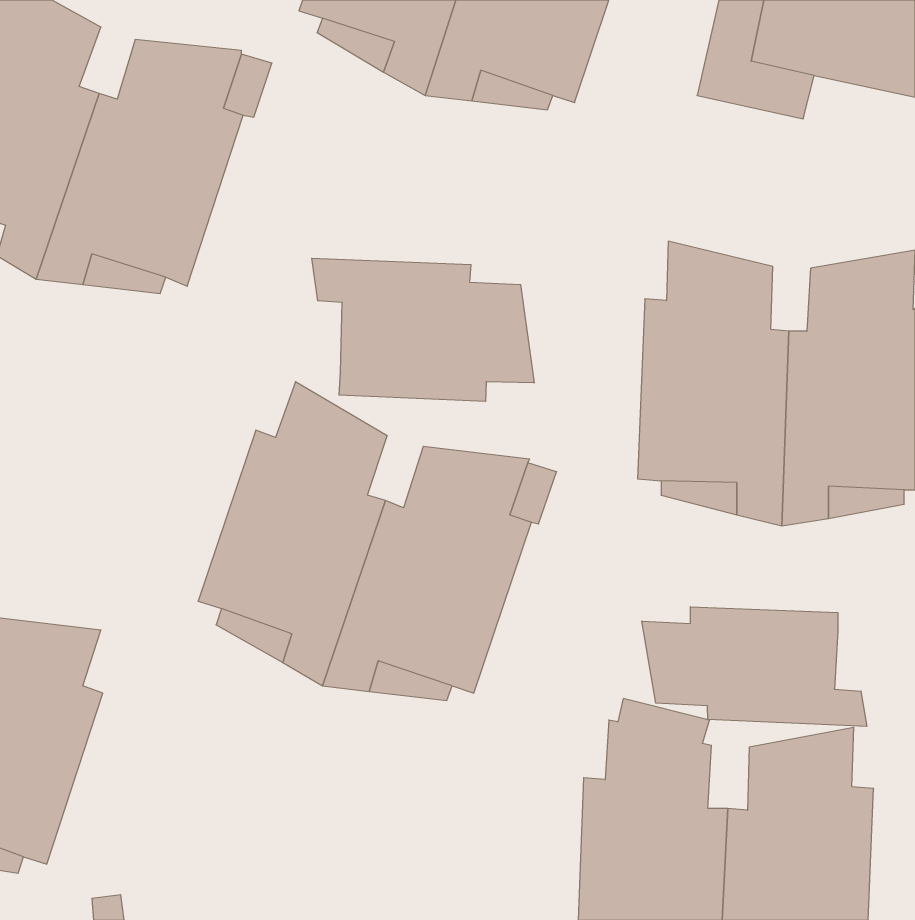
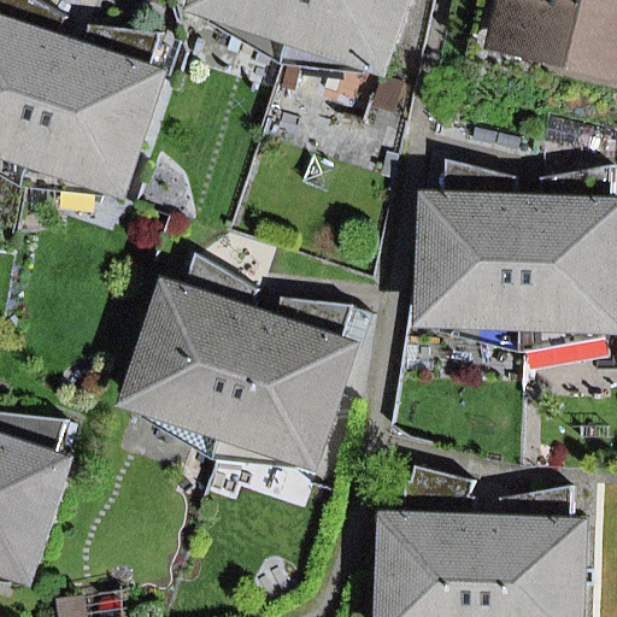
building: [312,258,534,401] -> none
building: [642,607,867,726] -> none

